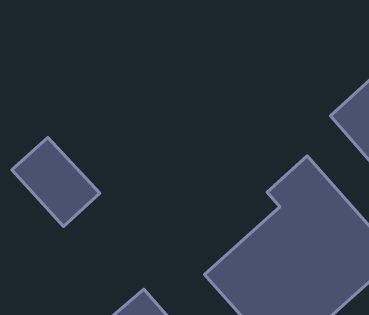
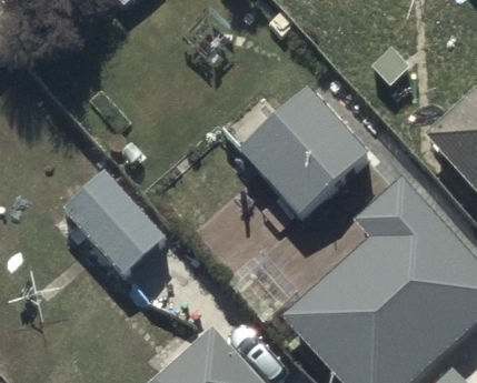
building: none -> [241,79,368,205]

